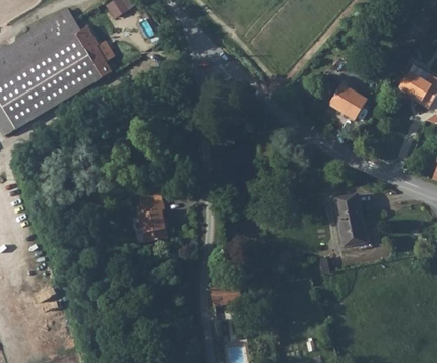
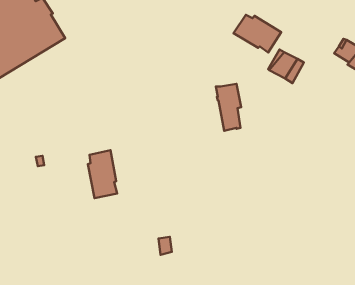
building: none -> [234,15,281,53]
building: [335,194,363,245] -> [216,84,241,131]

